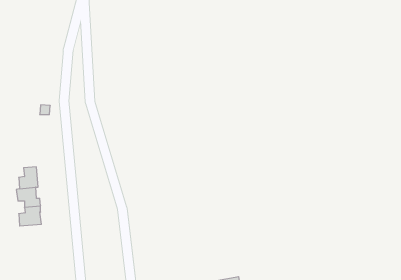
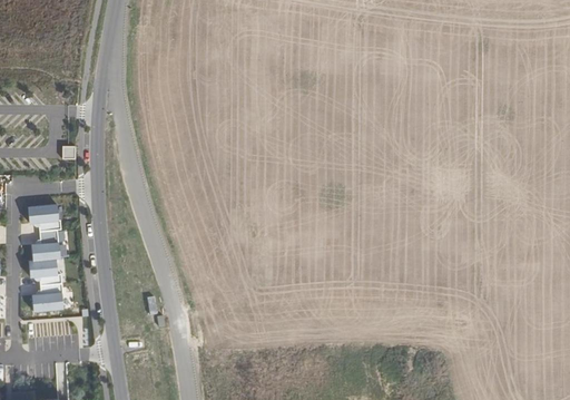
building: none -> [28,206,61,233]

